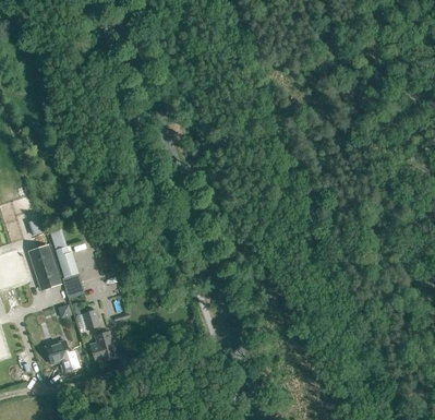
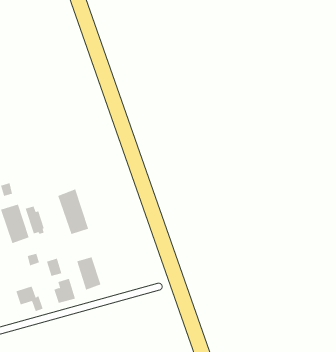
building: none -> [58,189,89,235]
building: none -> [77,256,101,290]

